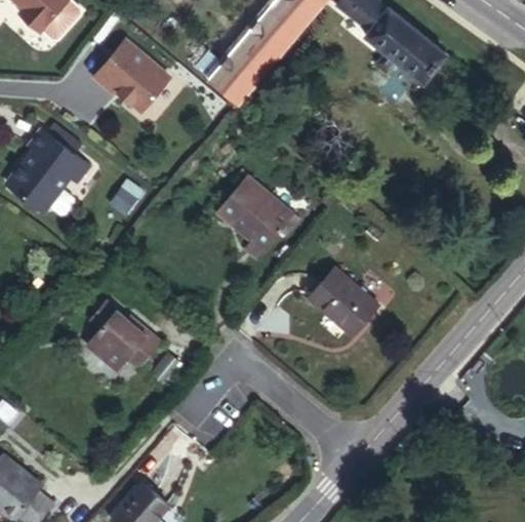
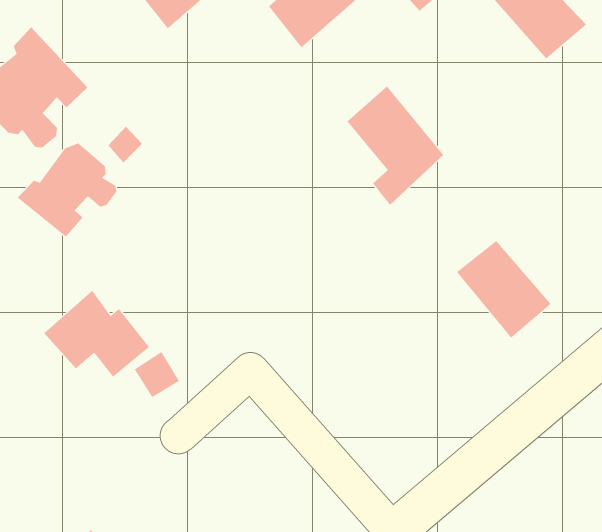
building: [218,174,293,262] -> [347,86,444,206]
building: none -> [17,142,117,237]
building: [306,266,378,335] -> [456,240,551,338]

